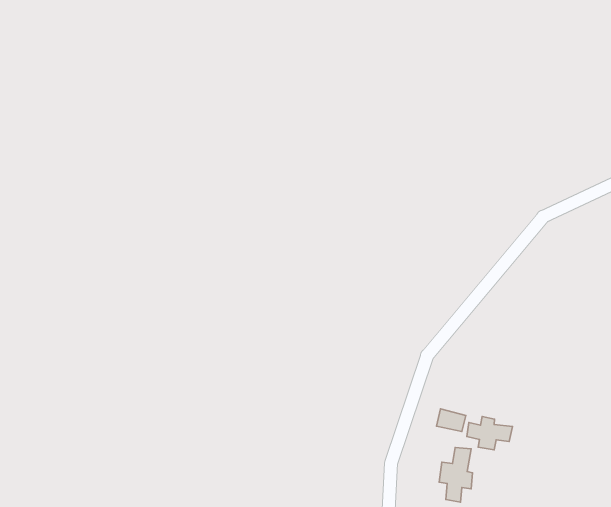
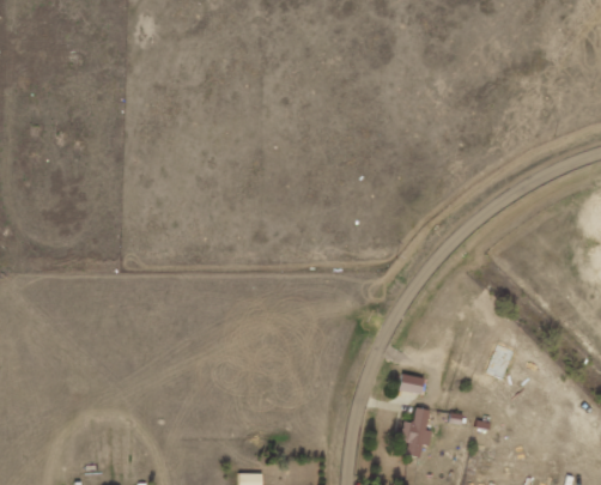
building: [467,416,513,450] -> none

